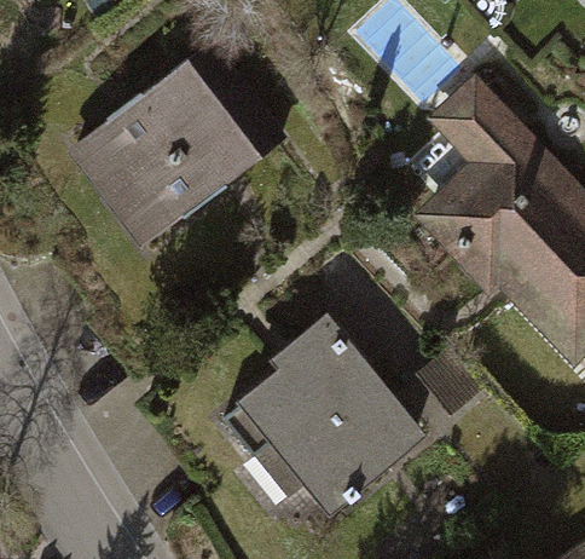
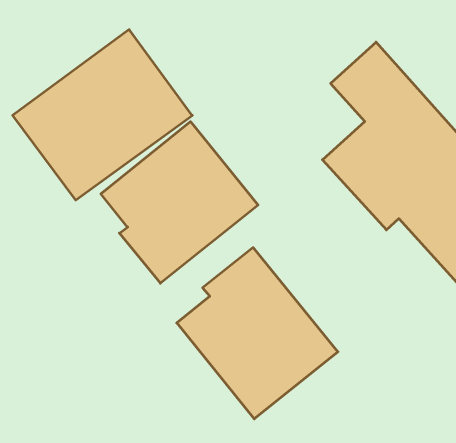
building: none -> [101,122,258,283]

